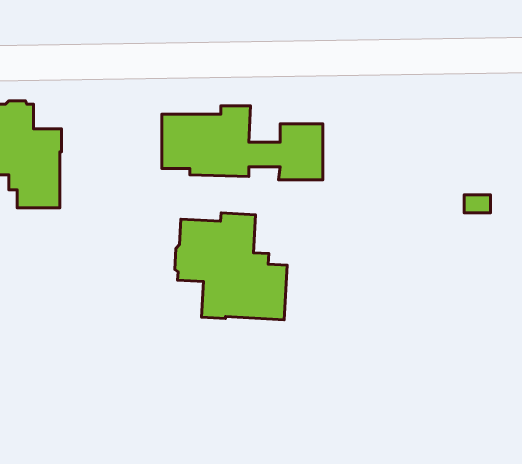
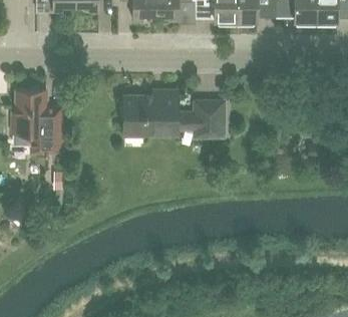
building: [175,213,287,320] -> none

